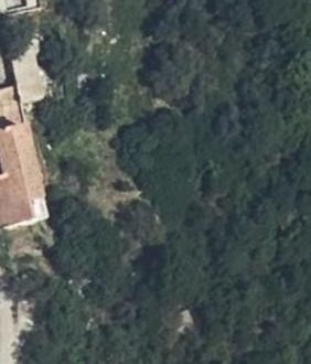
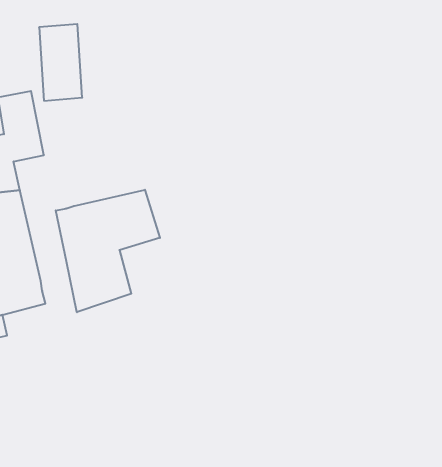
building: none -> [56,190,160,312]

